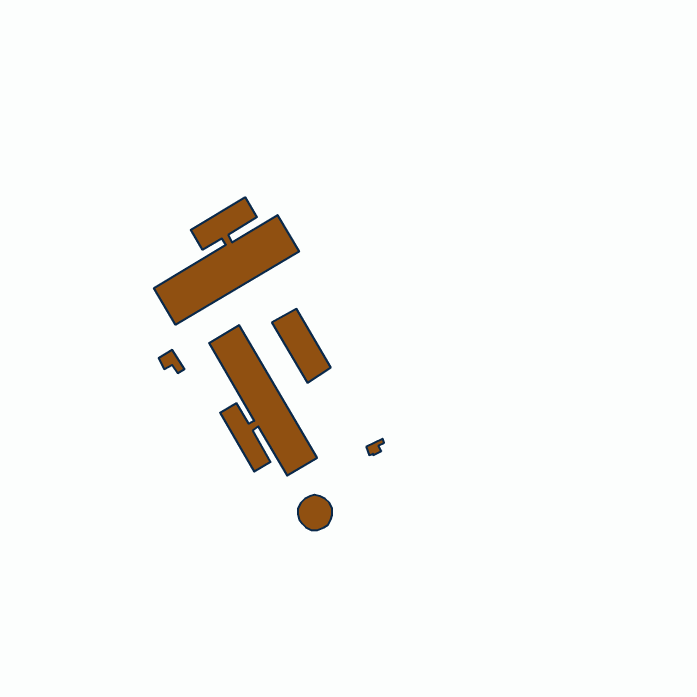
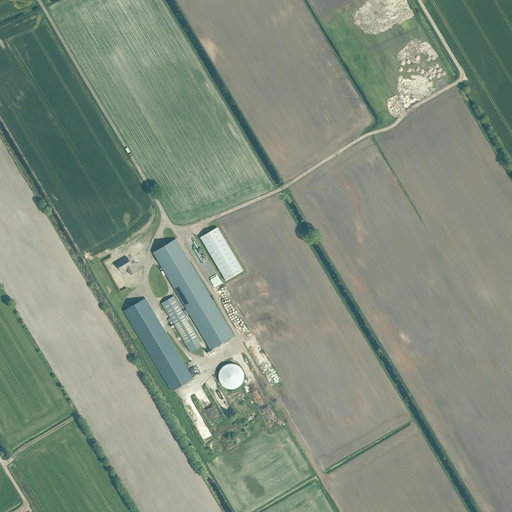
building: [154,197,299,325] -> none
building: none -> [124,297,192,390]

